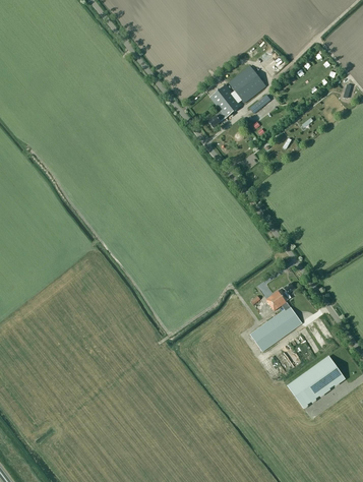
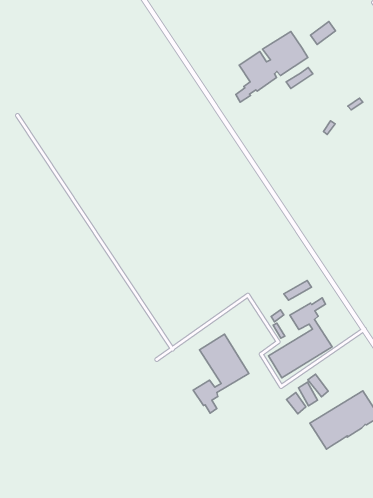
building: none -> [193,334,249,413]

